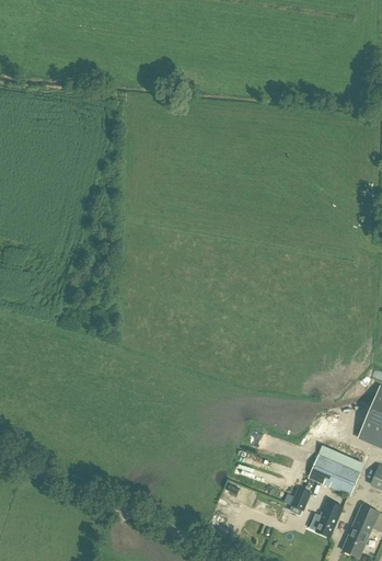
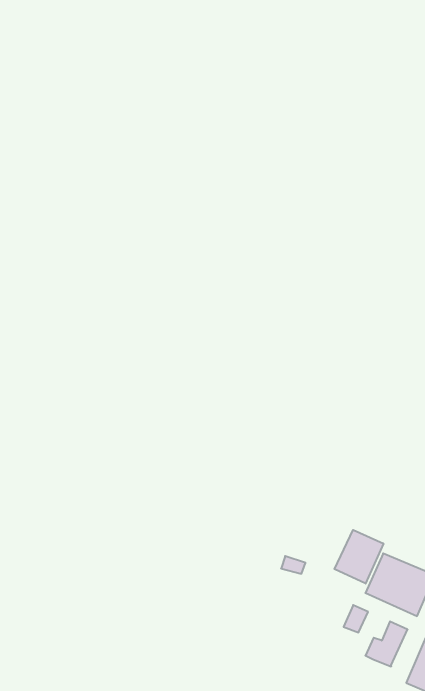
building: none -> [334,530,383,584]

